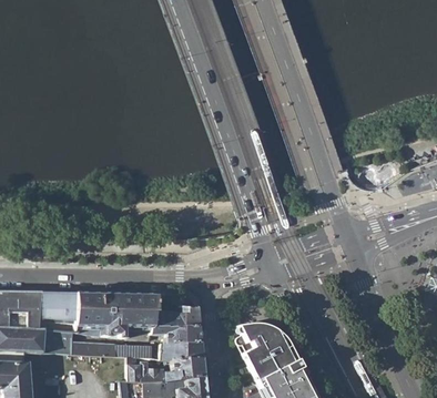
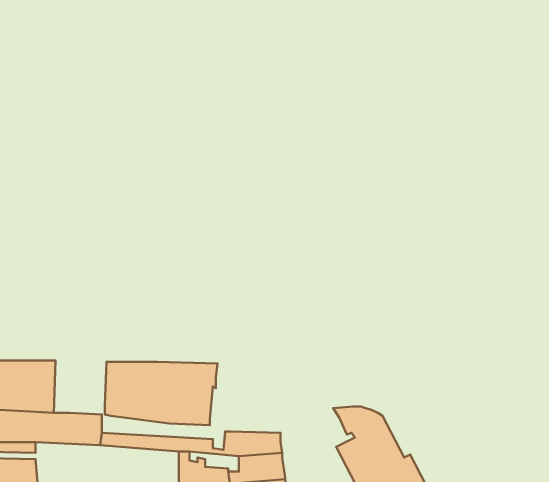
building: [41,292,79,329] -> none
building: [153,305,204,344] -> none

